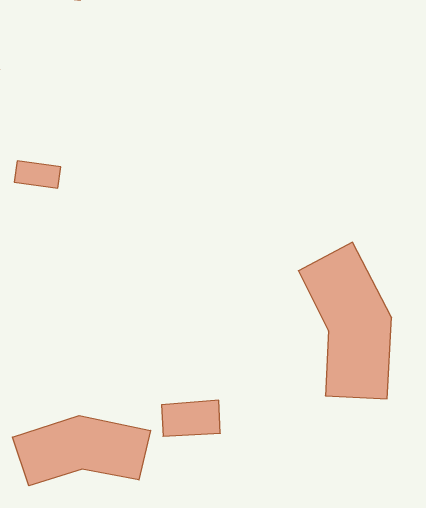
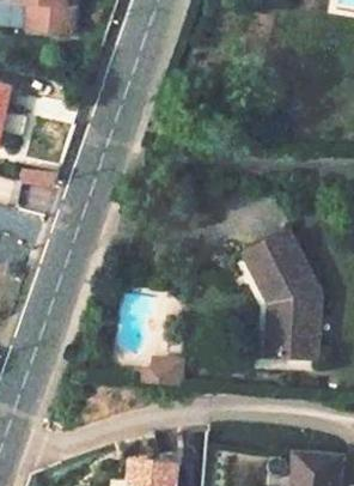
building: [12,416,151,486] -> none

